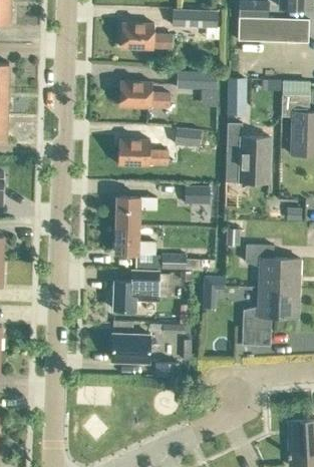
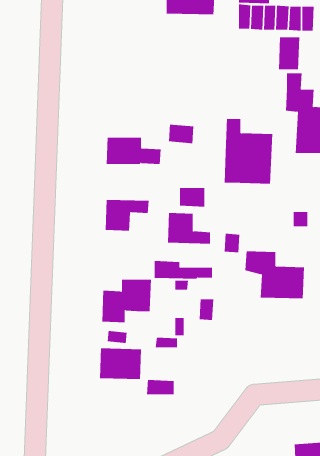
building: [121,22,172,49] -> none
building: [176,71,216,87] -> none
building: [226,78,246,108] -> [278,37,300,70]
building: [119,81,170,107] -> none
building: [114,224,154,254] -> [167,212,211,244]
building: [241,287,298,345] -> none

